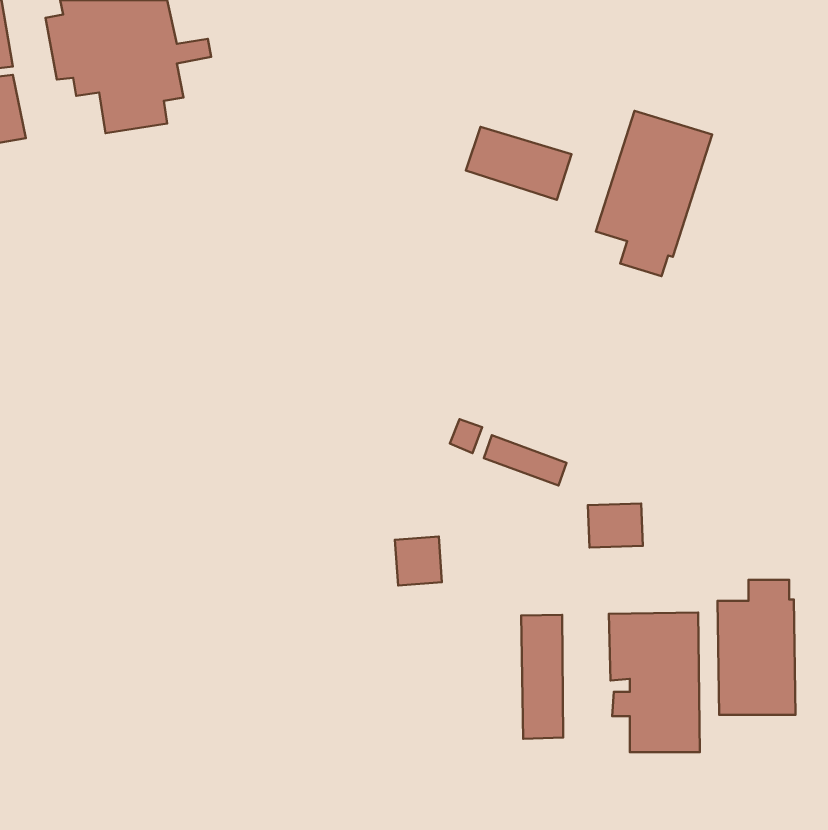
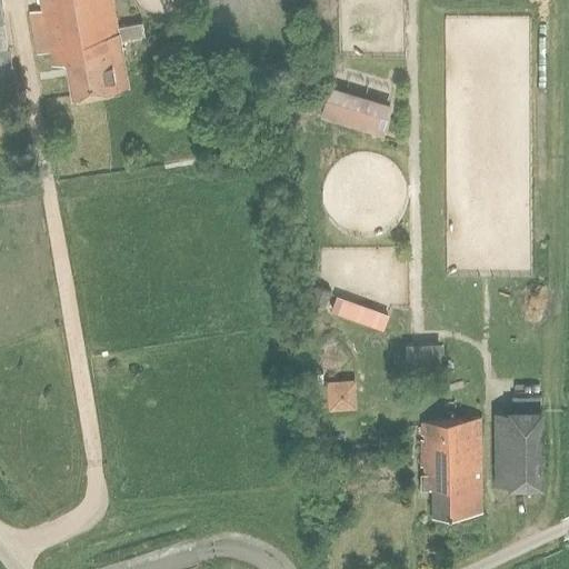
building: [596,111,712,276] -> none
building: [395,537,442,585] -> [328,376,360,409]
building: [521,615,563,739] -> none

